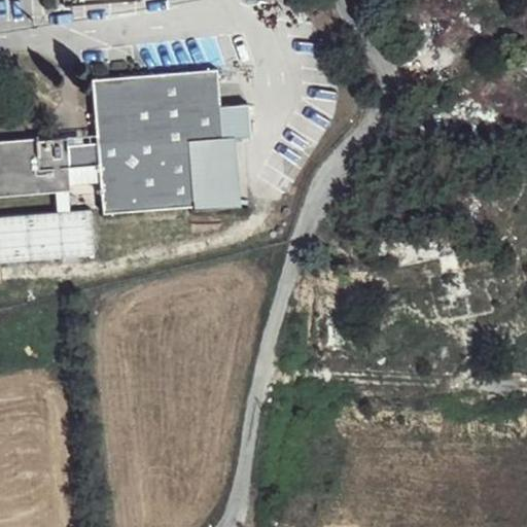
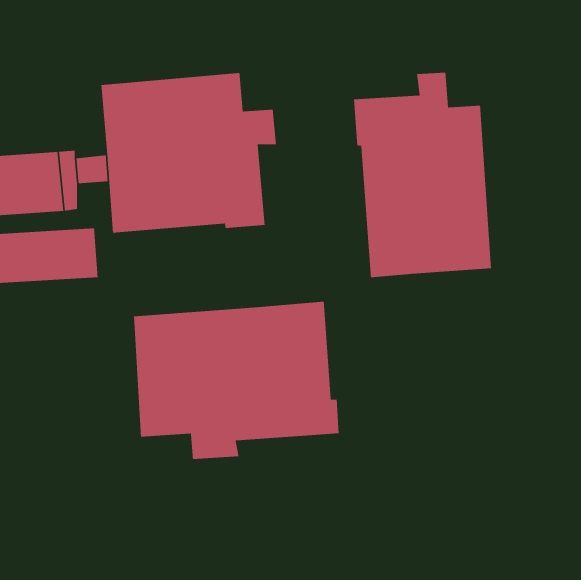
building: none -> [353,72,492,278]
building: none -> [133,301,340,460]

